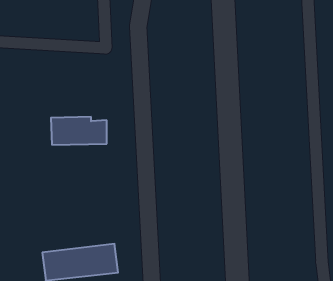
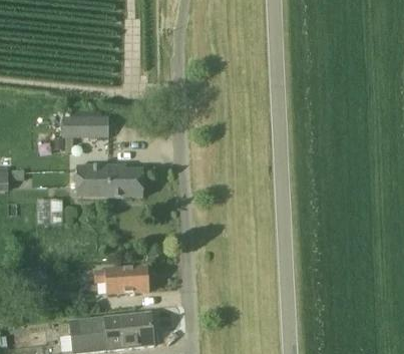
building: none -> [62,115,108,136]
building: none -> [93,266,148,294]

